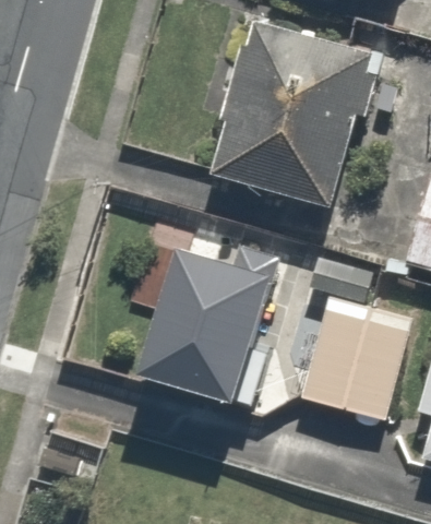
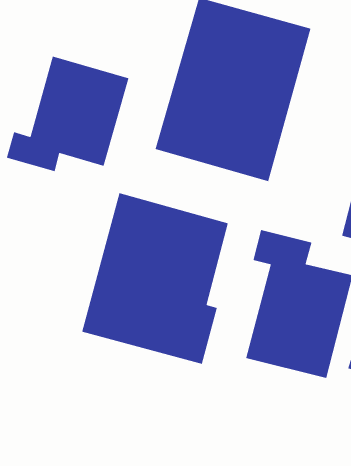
building: none -> [6,56,130,172]

